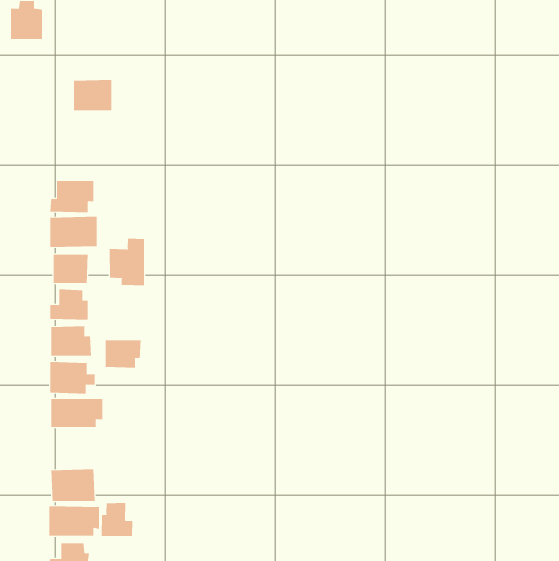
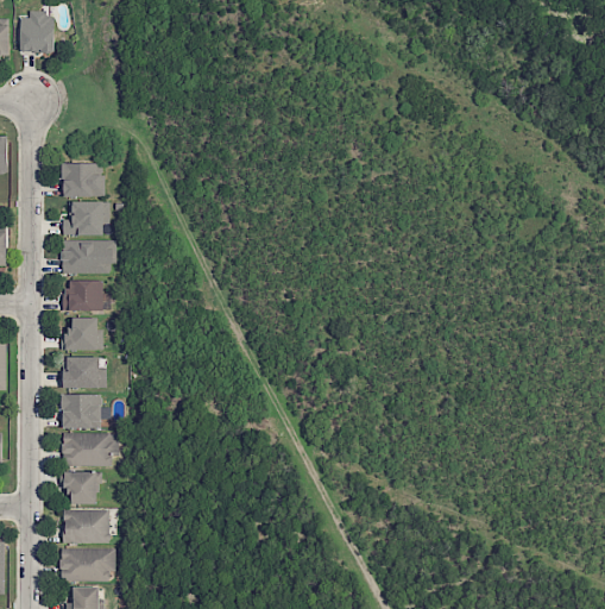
building: [73,79,112,111] -> [62,162,103,195]
building: [109,238,144,286] -> none
building: [105,339,141,369] -> none
building: none -> [61,471,102,504]
building: [101,502,133,537] -> none

